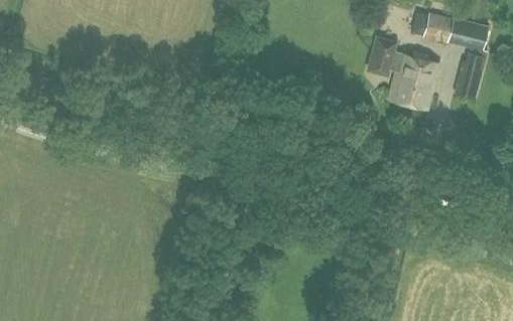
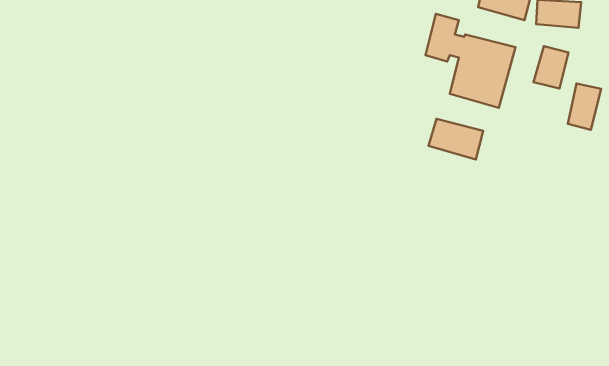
building: none -> [568,84,601,130]
building: none -> [429,119,483,159]

